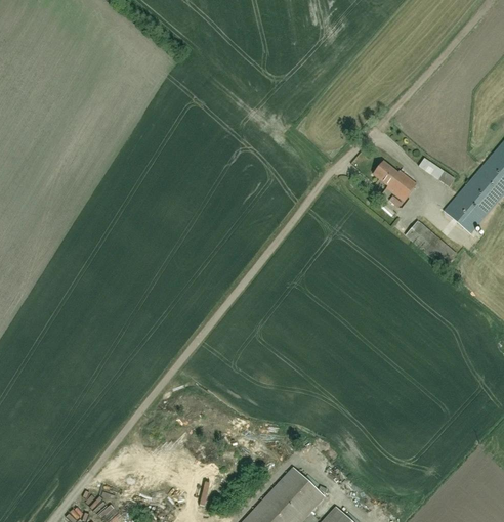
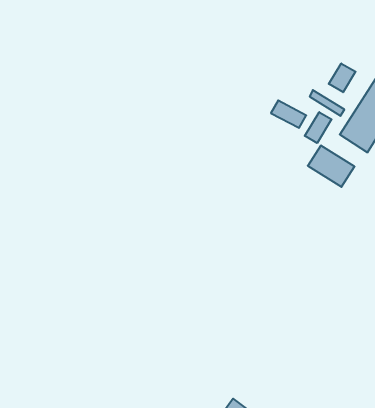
building: none -> [329,63,356,92]
building: none -> [305,112,332,143]

